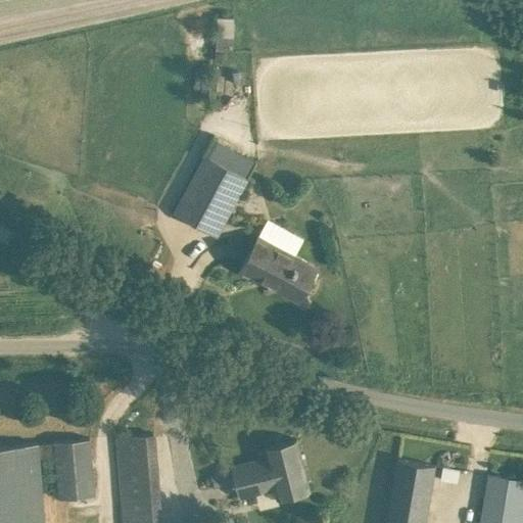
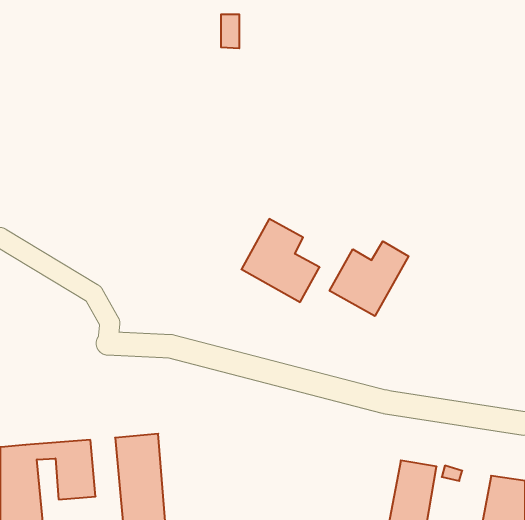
building: [175,143,252,238] -> none
building: none -> [330,241,409,316]
building: [231,442,310,503] -> none

